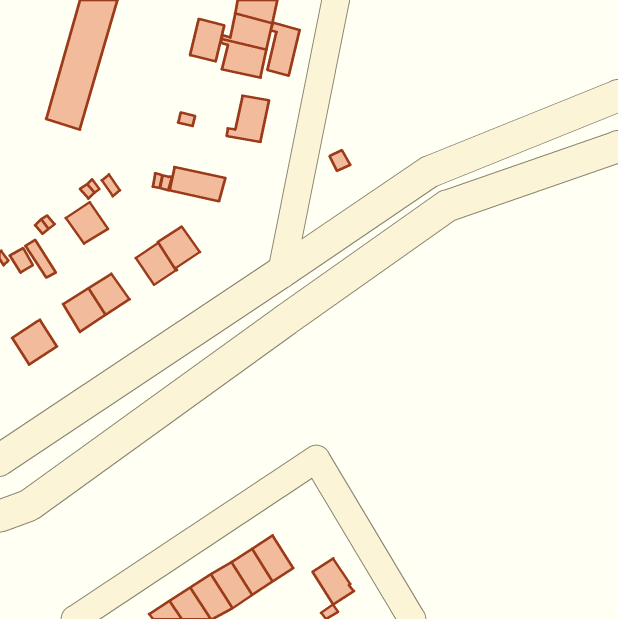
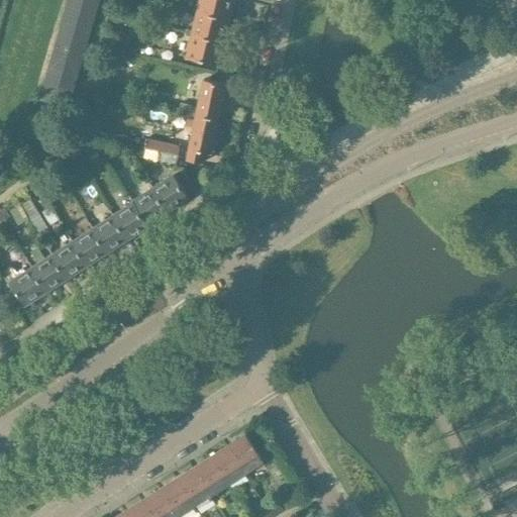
building: [190,19,224,61] -> none
building: [268,22,300,76] -> none
building: none -> [186,113,217,163]
building: [66,202,108,244] -> [93,215,128,249]
building: none -> [151,175,187,210]
building: none -> [26,253,67,289]
building: [313,558,354,604] -> [227,435,262,474]

